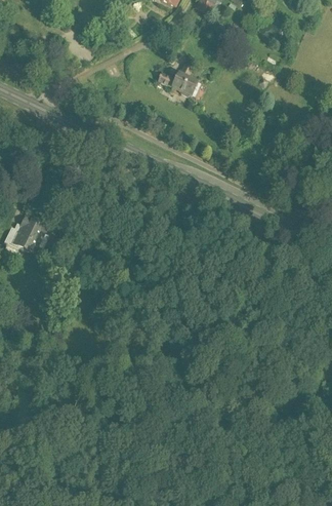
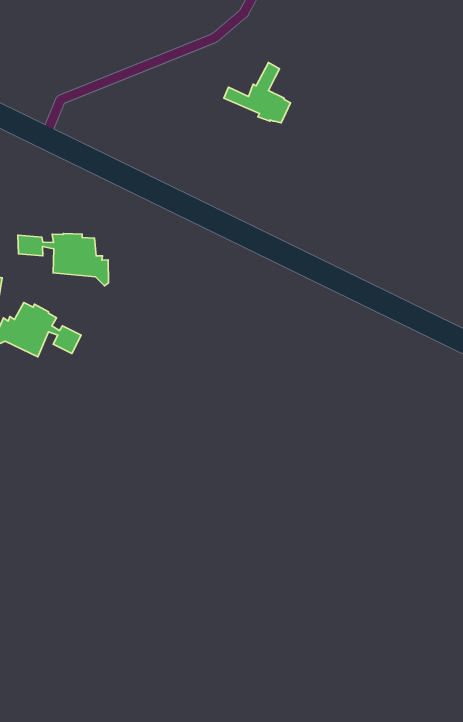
building: none -> [18,233,109,286]

